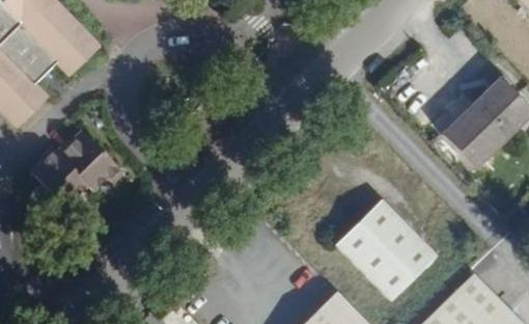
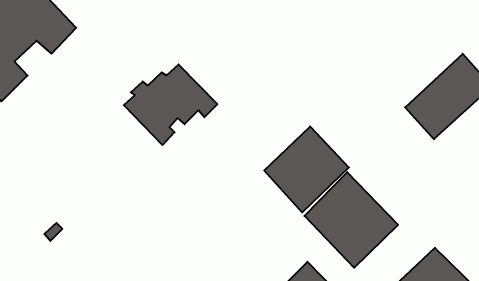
building: [34,130,132,214] -> [124,64,217,145]
building: none -> [264,126,349,212]

